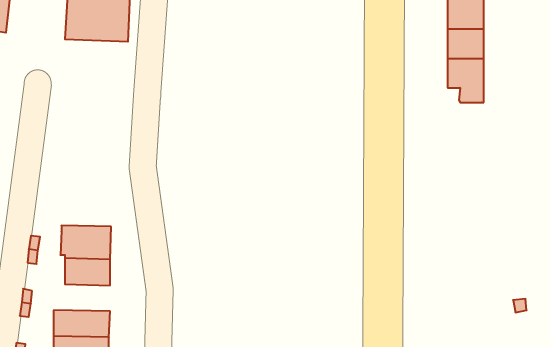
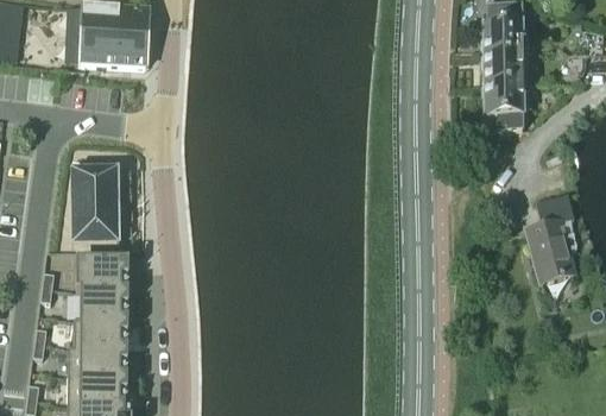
building: none -> [72,160,127,242]
building: none -> [525,193,573,282]
building: none -> [68,317,127,349]

